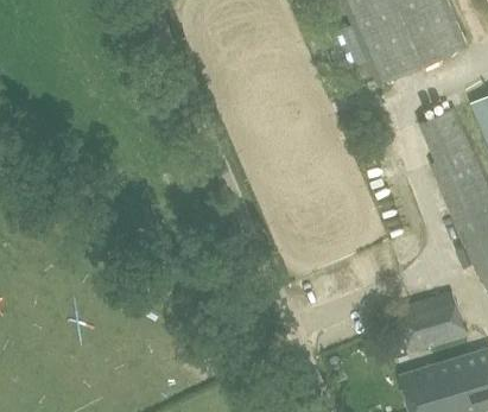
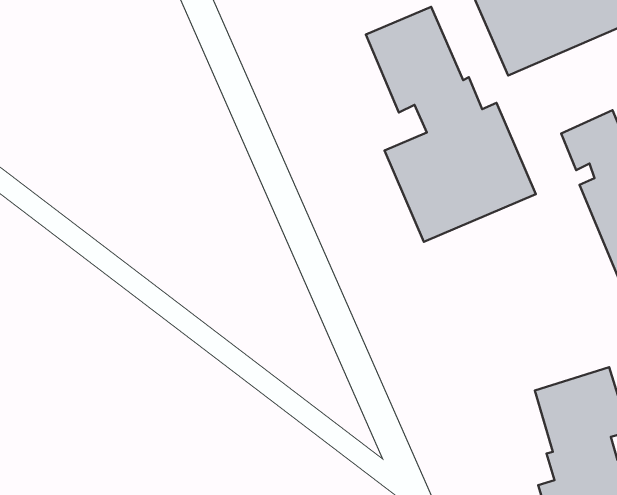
building: none -> [366,7,536,242]

